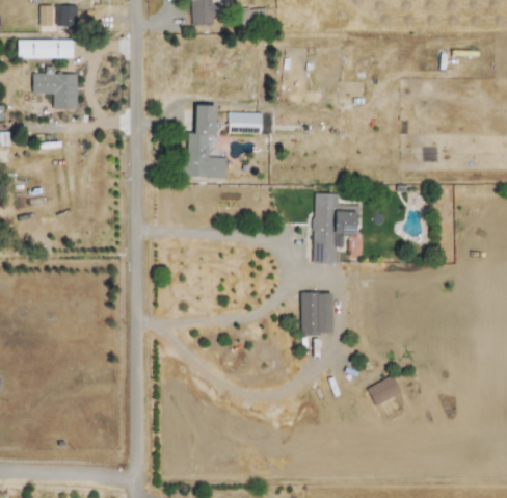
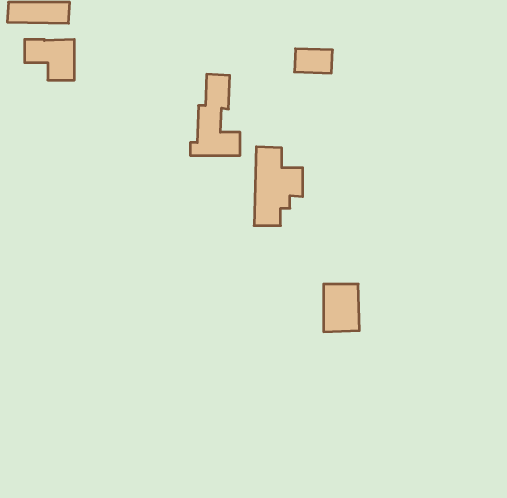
building: [229,111,263,133] -> [294,49,333,73]
building: [313,192,356,263] -> [254,147,303,226]
building: [368,374,402,405] -> none

